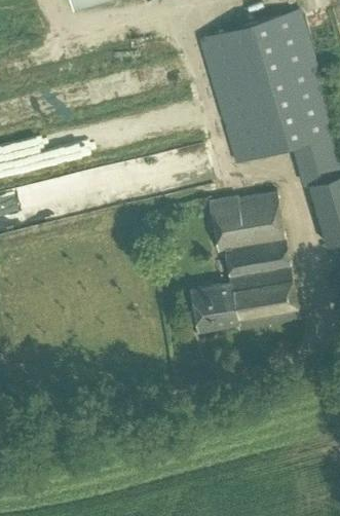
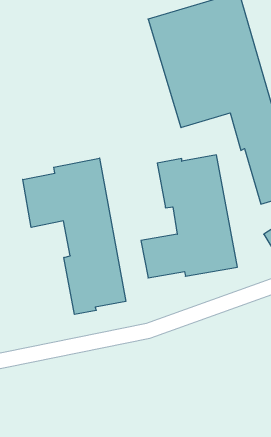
building: none -> [23,158,126,314]

